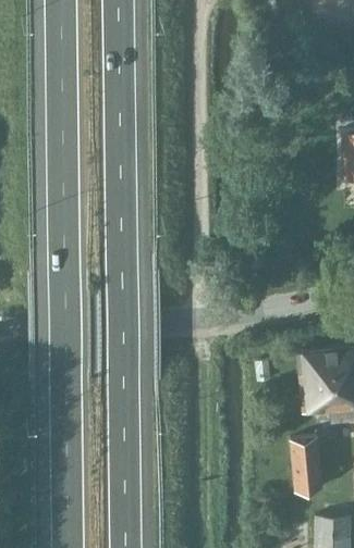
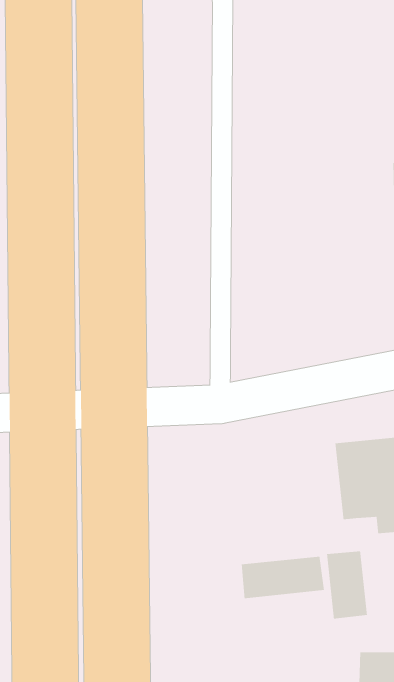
building: none -> [241,556,325,599]

